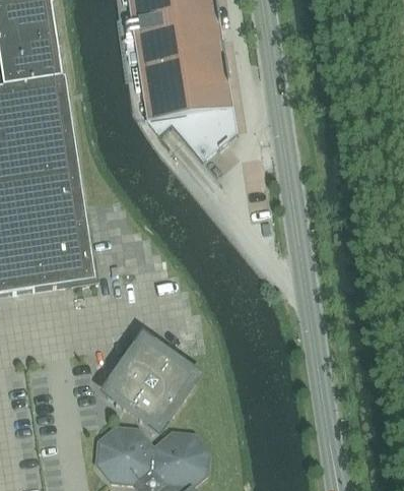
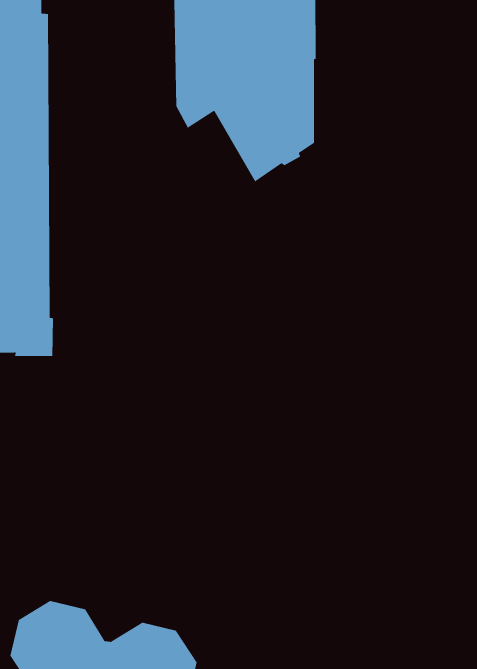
building: [106,339,195,428] -> none

